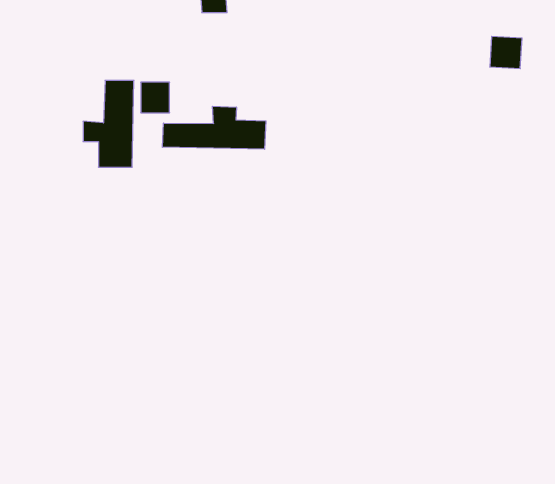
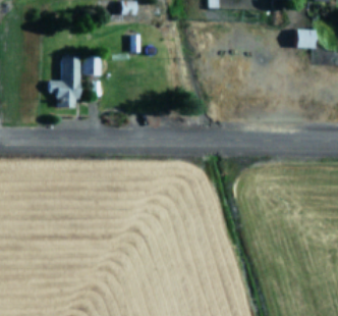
building: [162,106,266,149] -> none

